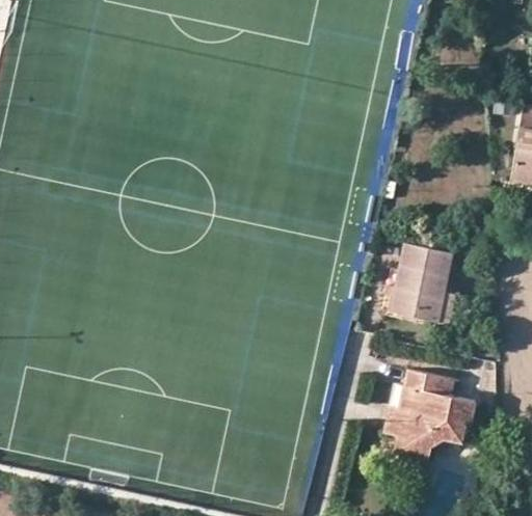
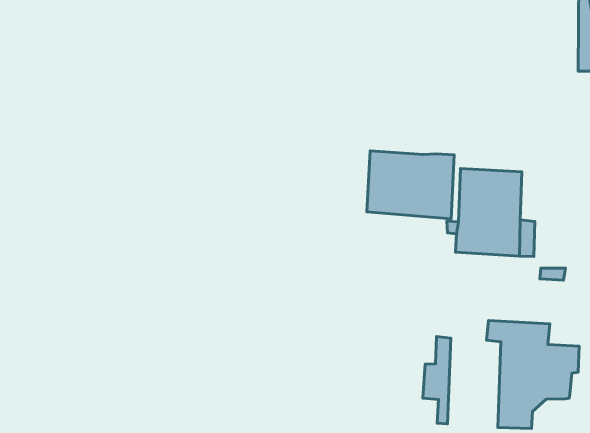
building: none -> [367,151,454,219]
building: [384,384,415,456] -> [423,337,451,424]

